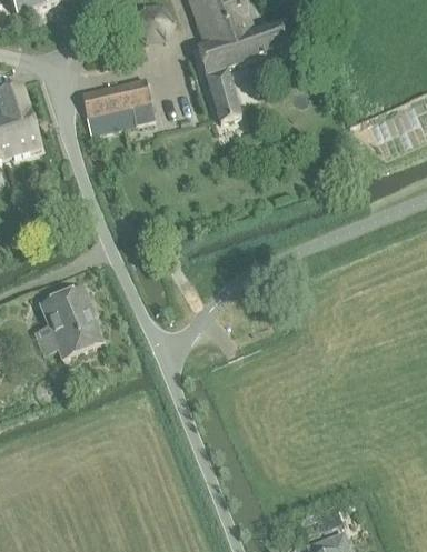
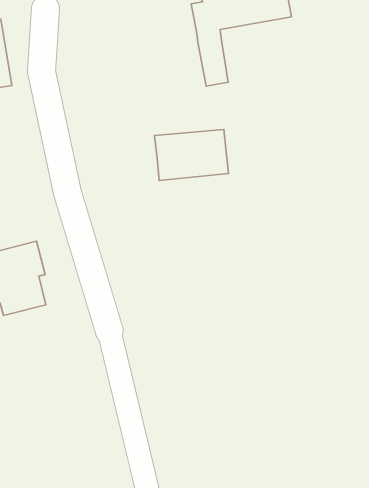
building: [81,78,155,133] -> [155,130,228,180]

